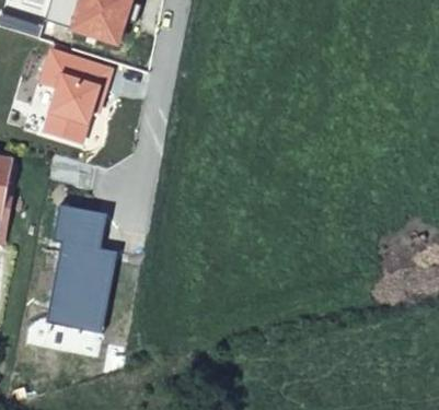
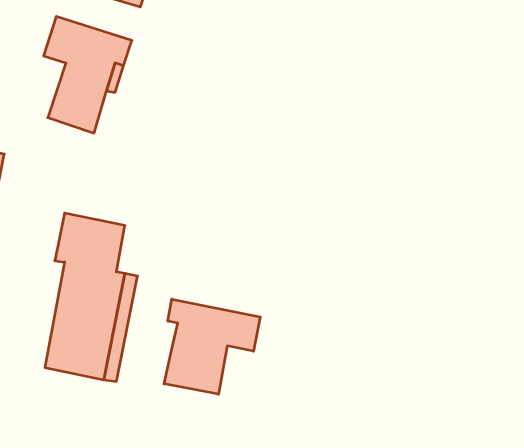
building: none -> [164,299,260,394]

